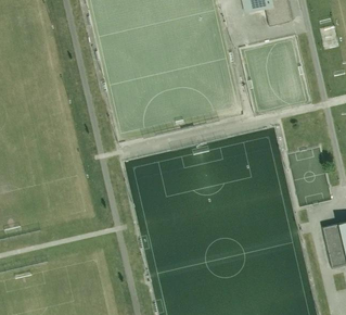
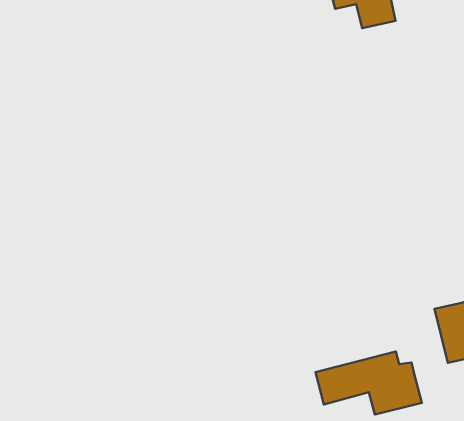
building: none -> [316,351,422,414]

